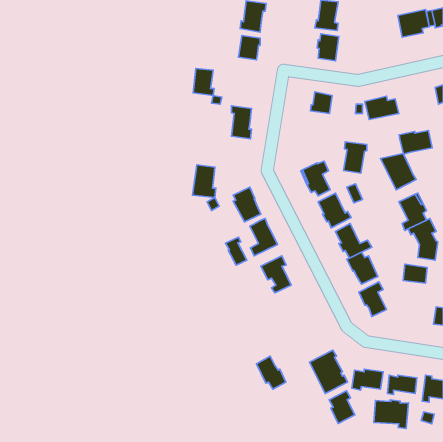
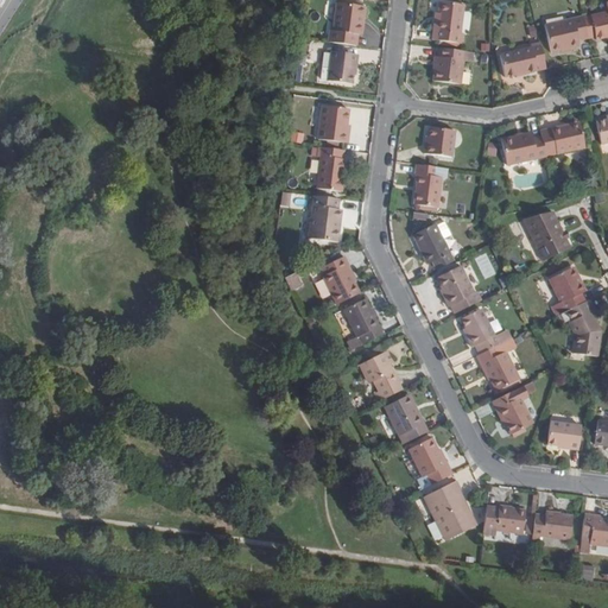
building: none -> [500,40,546,74]
building: [193,68,214,95] -> [321,104,349,141]
building: [399,131,432,154] -> [540,124,585,156]
building: [344,142,367,173] -> [413,164,445,207]
building: [192,165,216,198] -> [308,195,340,240]
building: [226,237,247,265] -> none
building: [403,264,427,283] -> [546,422,580,448]
building: none -> [384,394,428,442]
building: [256,356,286,389] -> [407,439,448,484]
building: [329,391,355,423] -> none
building: [374,400,408,428] -> none

